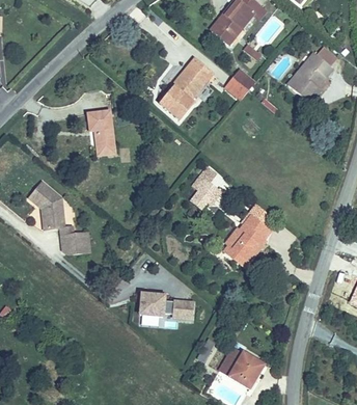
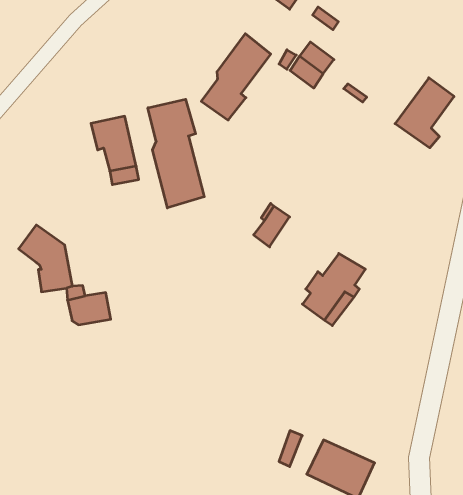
building: [287,53,330,102] -> [395,78,454,148]
building: none -> [148,99,204,208]
building: [142,296,195,320] -> none

